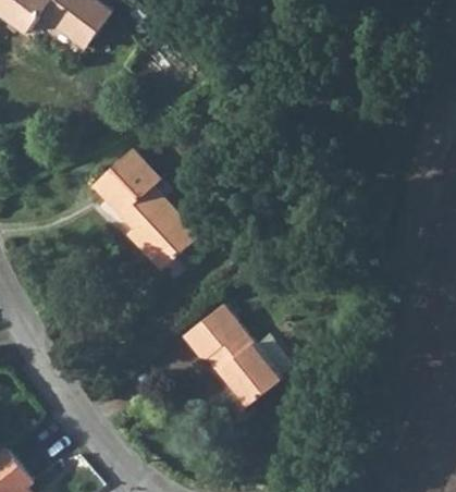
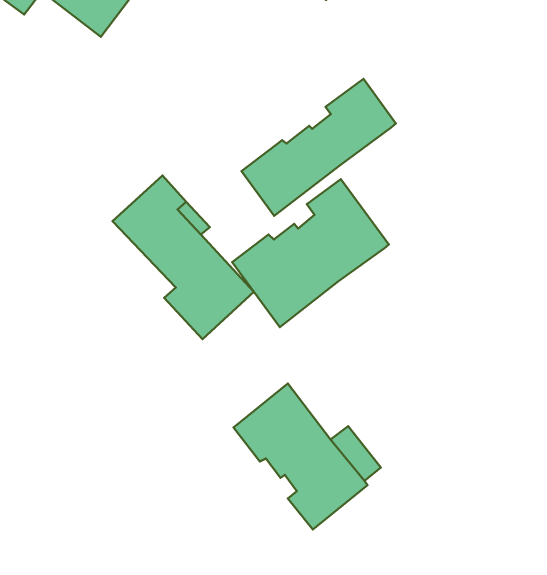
building: none -> [242,79,396,216]
building: none -> [232,179,389,327]

